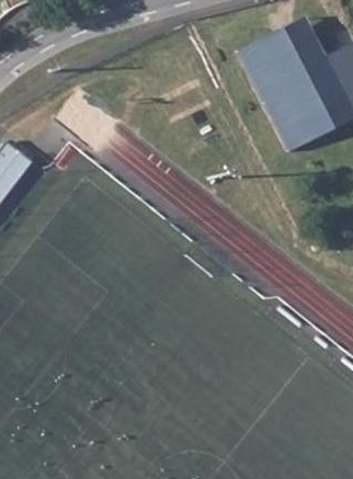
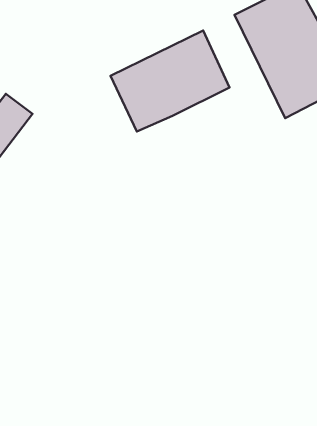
building: none -> [111,31,229,132]

